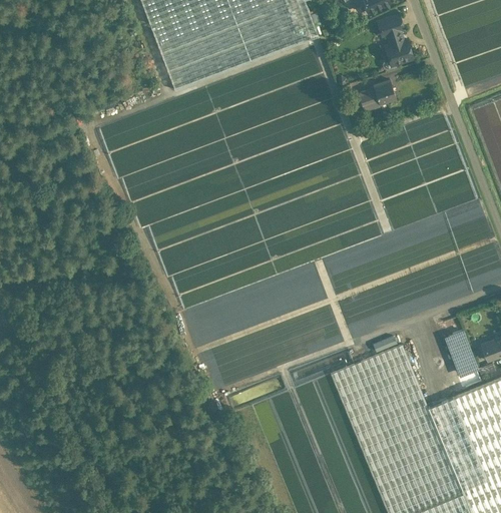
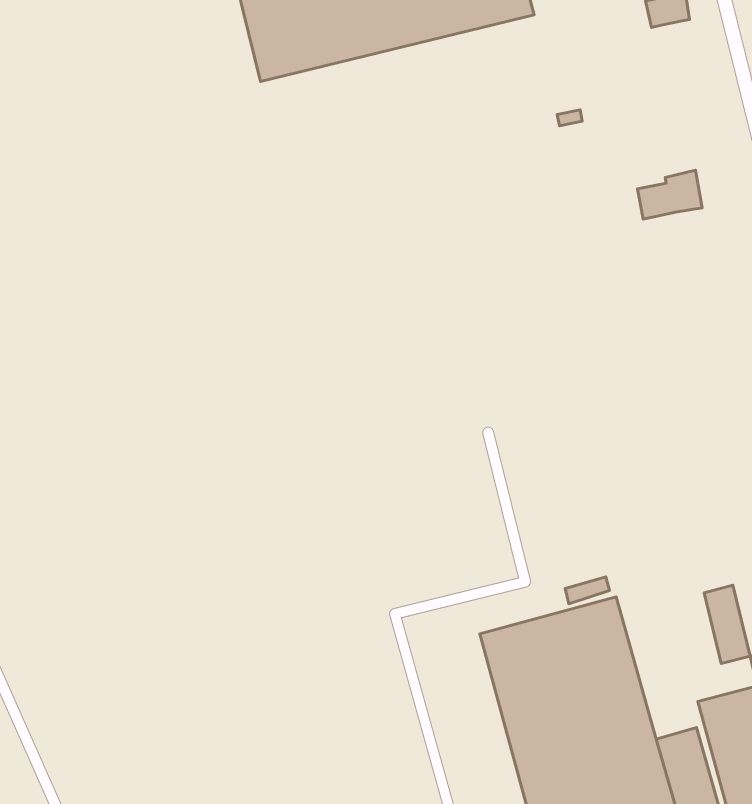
building: [383,28,413,69] -> none
building: [360,78,396,108] -> [638,170,702,219]

